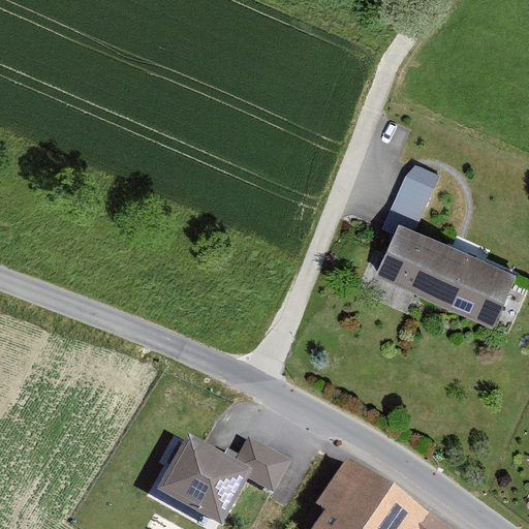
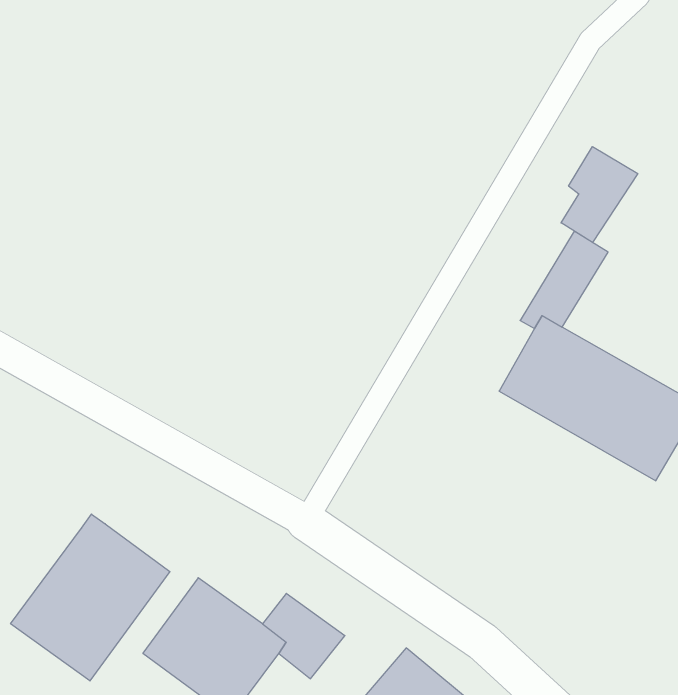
building: none -> [561,147,638,243]
building: none -> [11,514,170,681]

